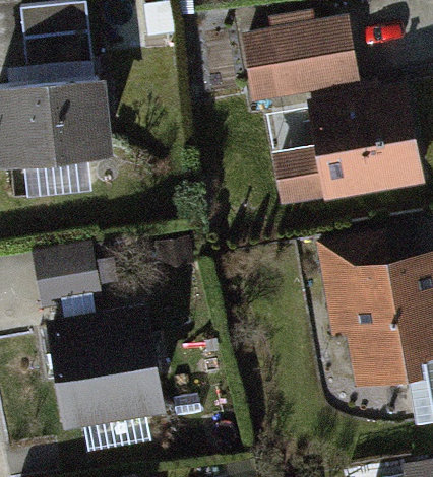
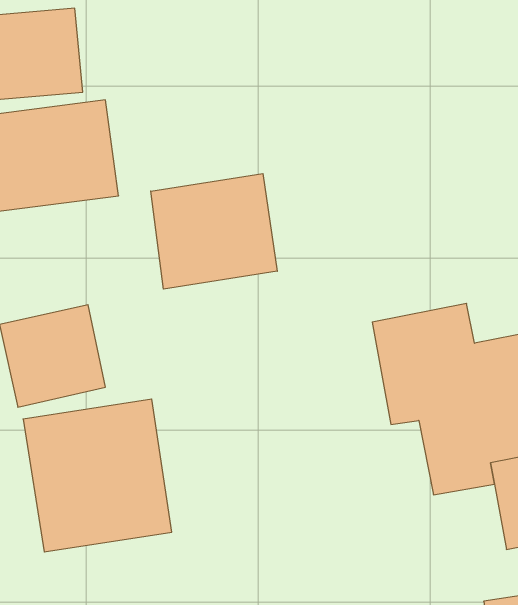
building: [233,23,358,112] -> none
building: [268,89,419,203] -> none
building: none -> [151,174,277,289]

